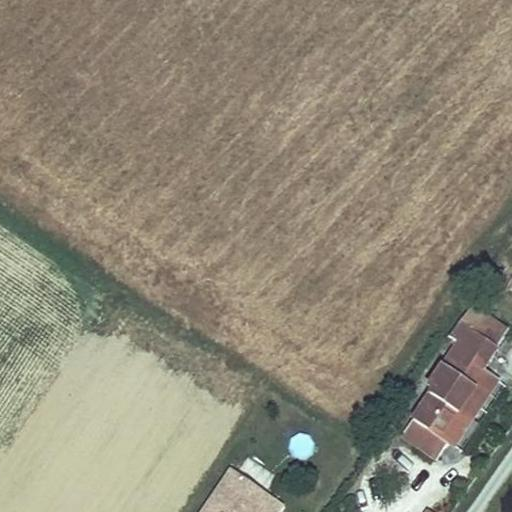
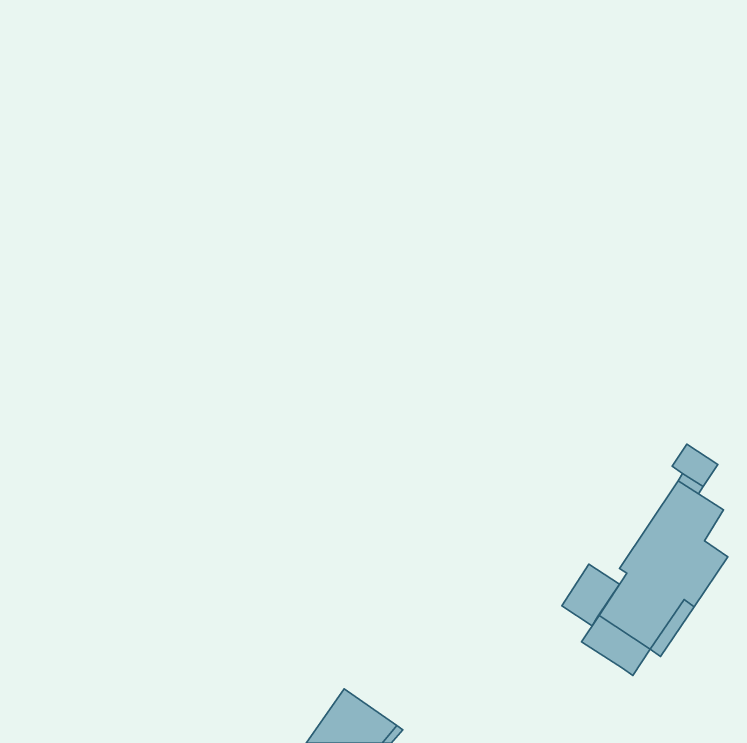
building: none -> [562,564,620,626]

